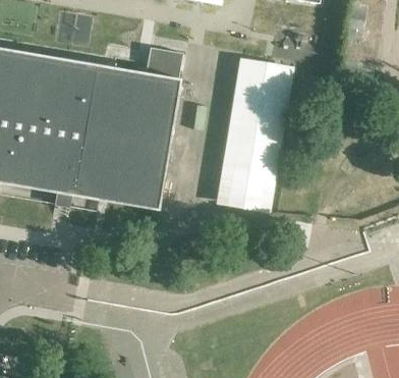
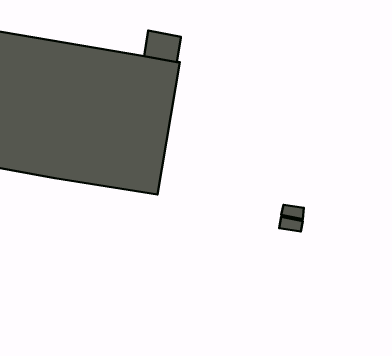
building: [221,56,293,209] -> none

